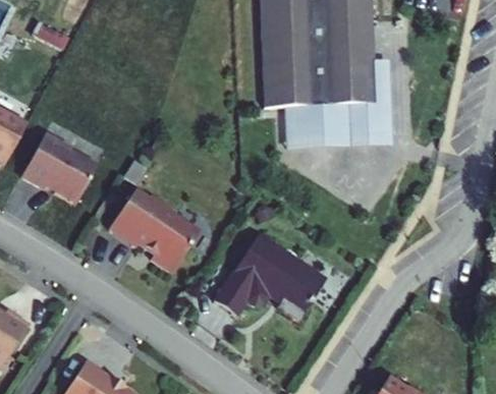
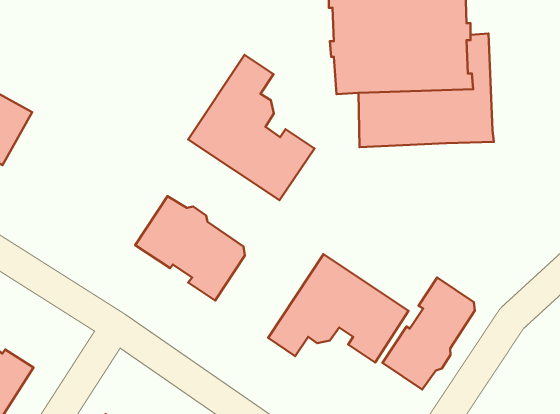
building: none -> [188,55,315,200]
building: [22,131,97,201] -> none
building: none -> [383,278,475,389]

